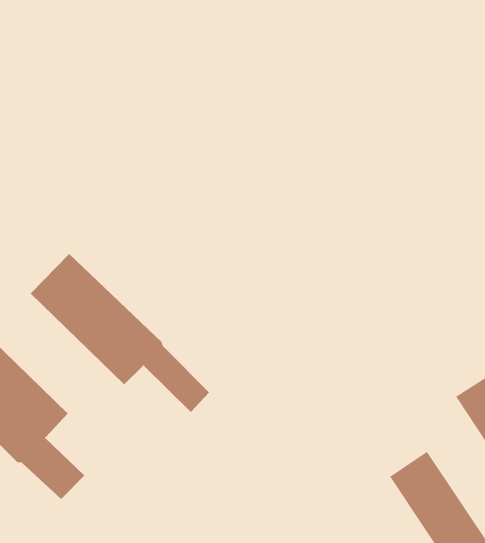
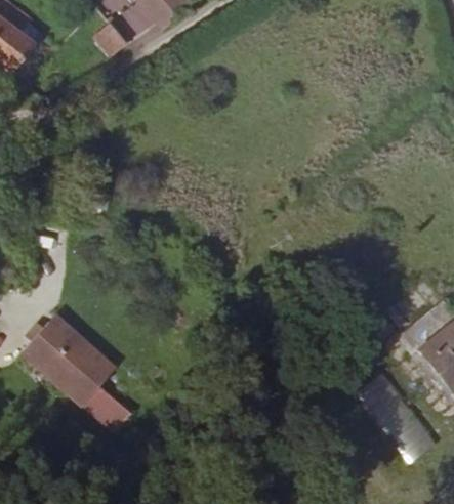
building: [30,253,210,413] -> none

